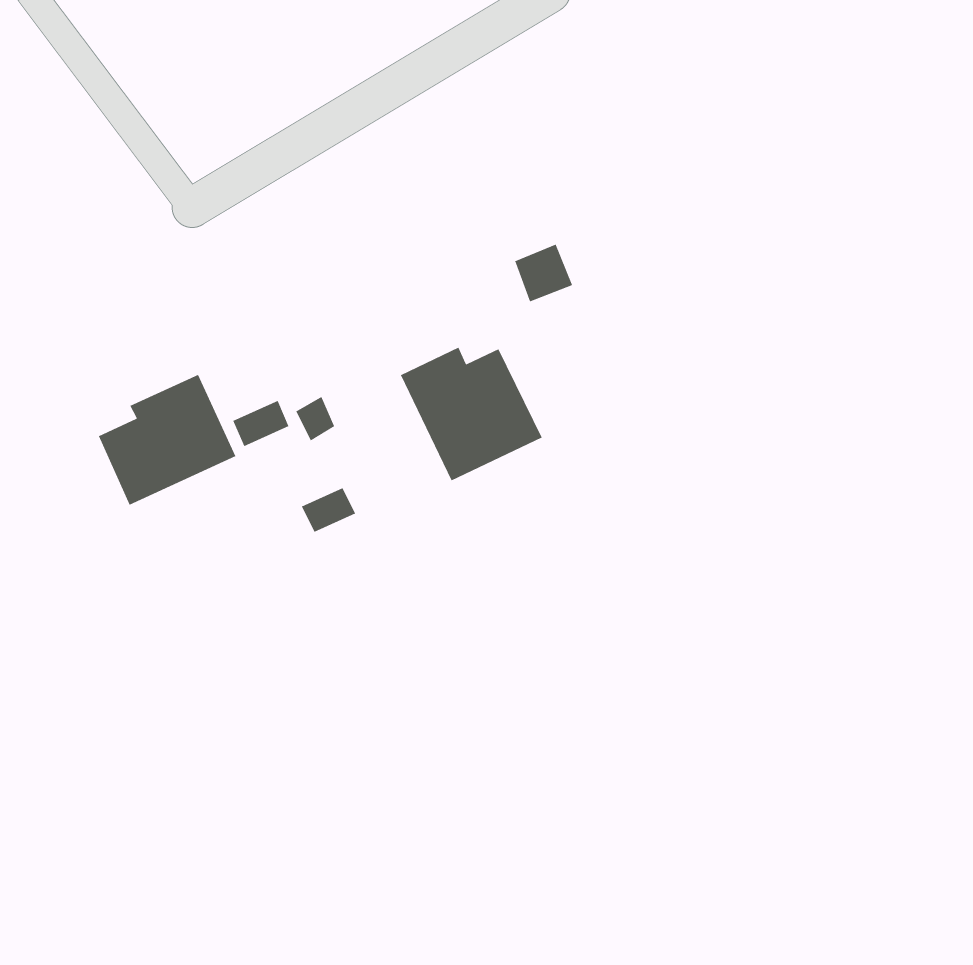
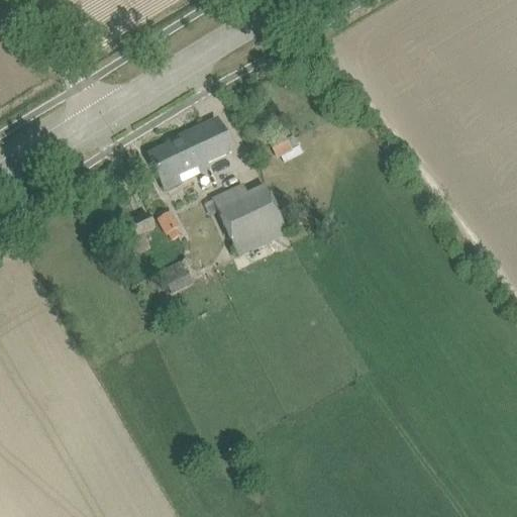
building: none -> [148,120,231,187]
building: [98,374,237,506] -> none

